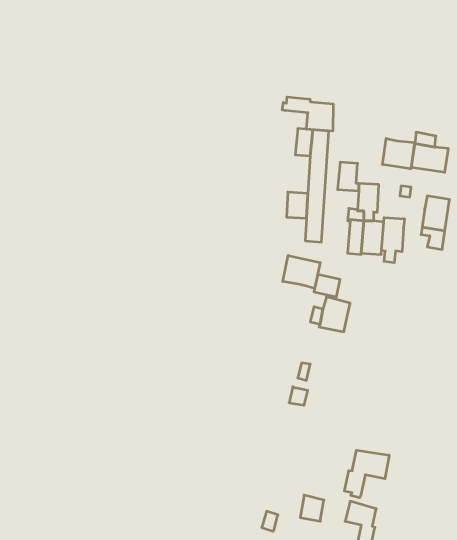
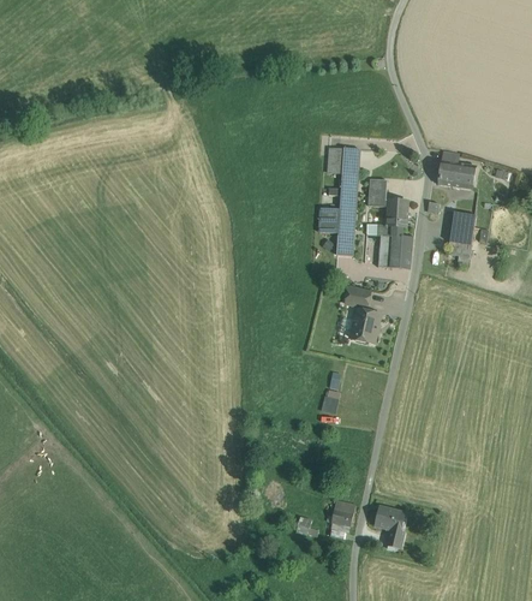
building: [282,97,333,131] -> none
building: [383,138,415,169] -> none
building: [382,218,404,263] -> none
building: [283,255,320,289] -> none
building: [344,450,389,498] -> none

